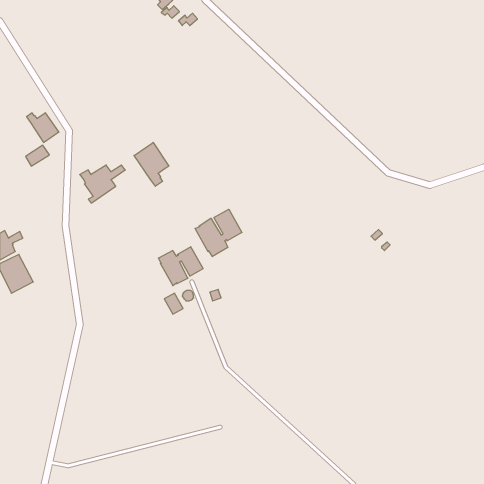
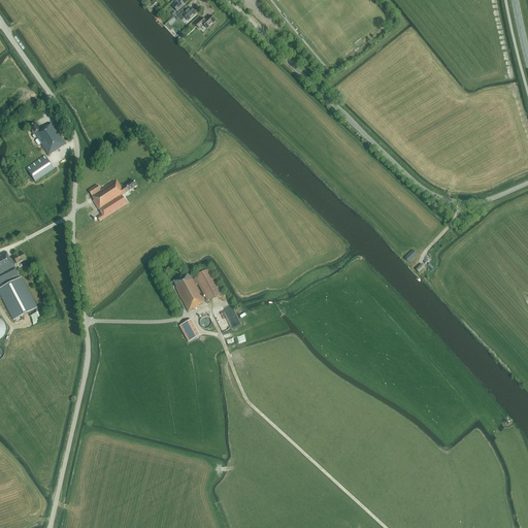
building: [134,142,169,186] -> none
building: [195,209,242,257] -> none

